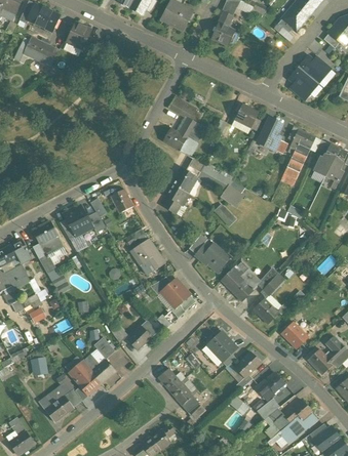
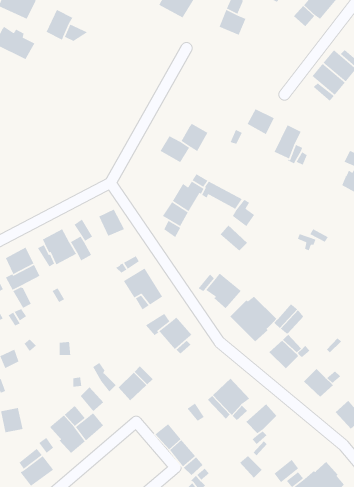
building: [167,95,197,120] -> none
building: [281,126,315,184] -> none
building: [256,372,285,401] -> none

